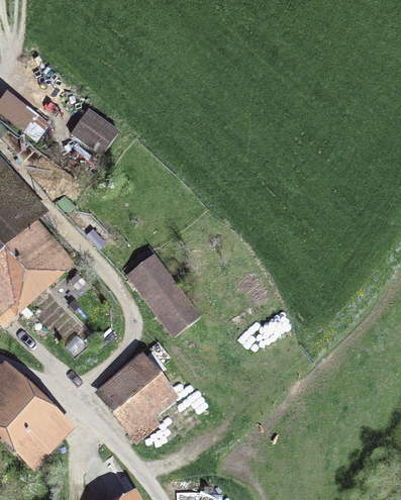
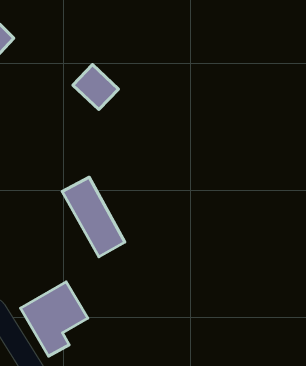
building: [71,108,117,153] -> [73,64,119,110]

